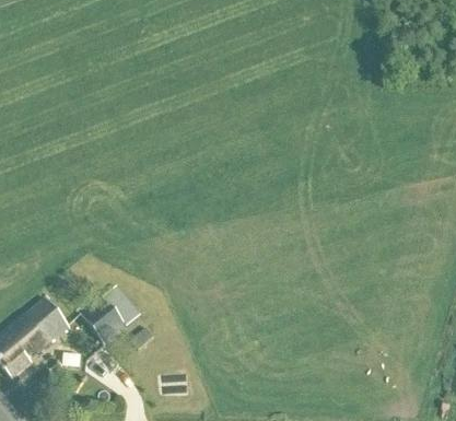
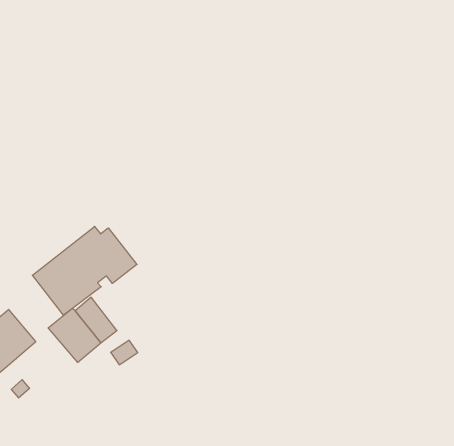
building: none -> [32,226,137,315]

